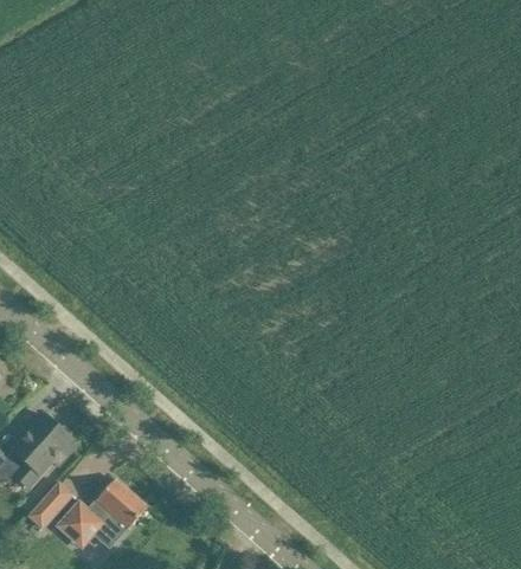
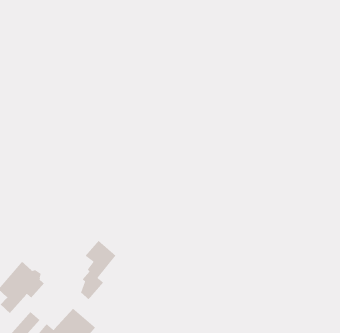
building: none -> [80,240,117,300]

